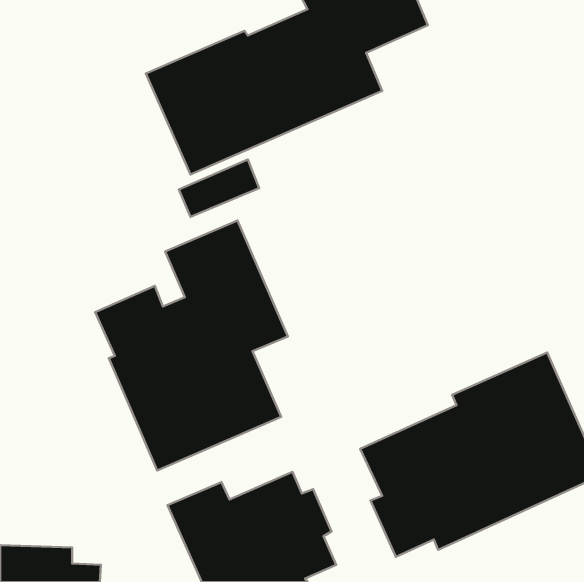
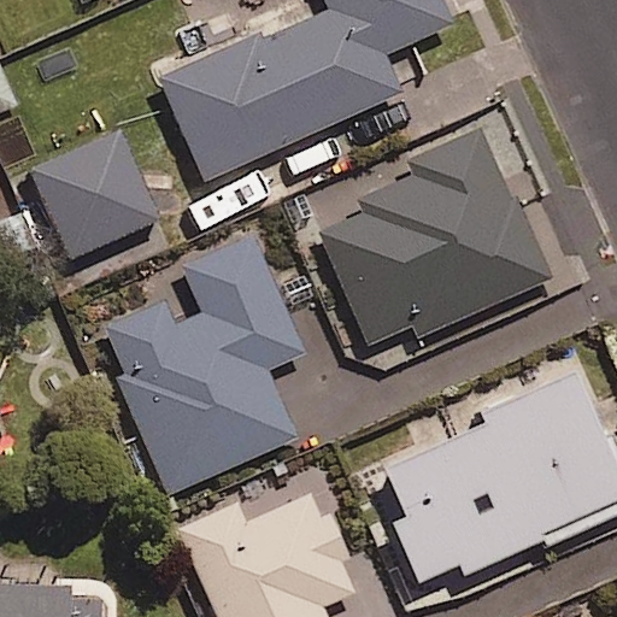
building: none -> [321,128,551,343]
building: none -> [34,129,163,259]

